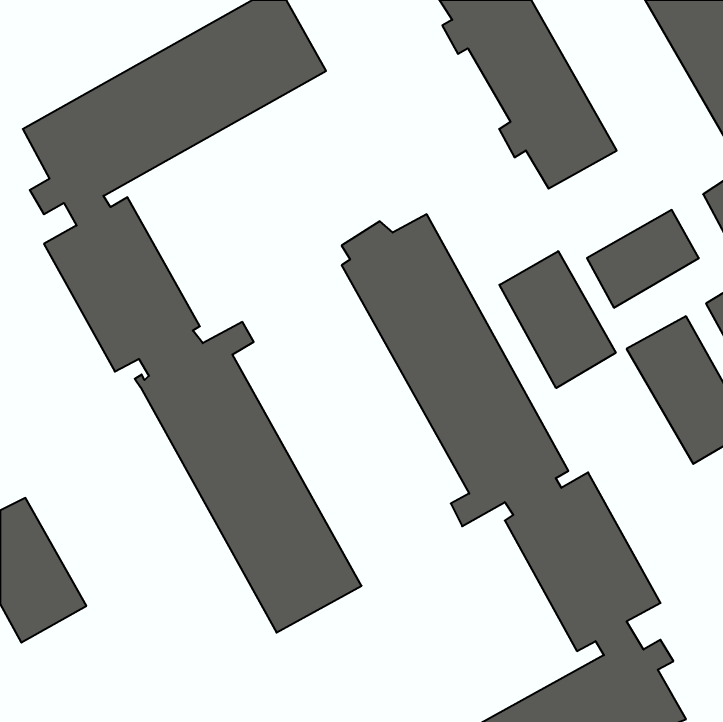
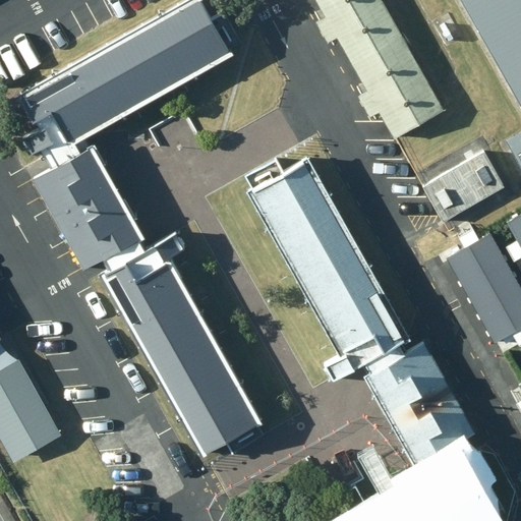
building: [499,251,616,388] -> none

